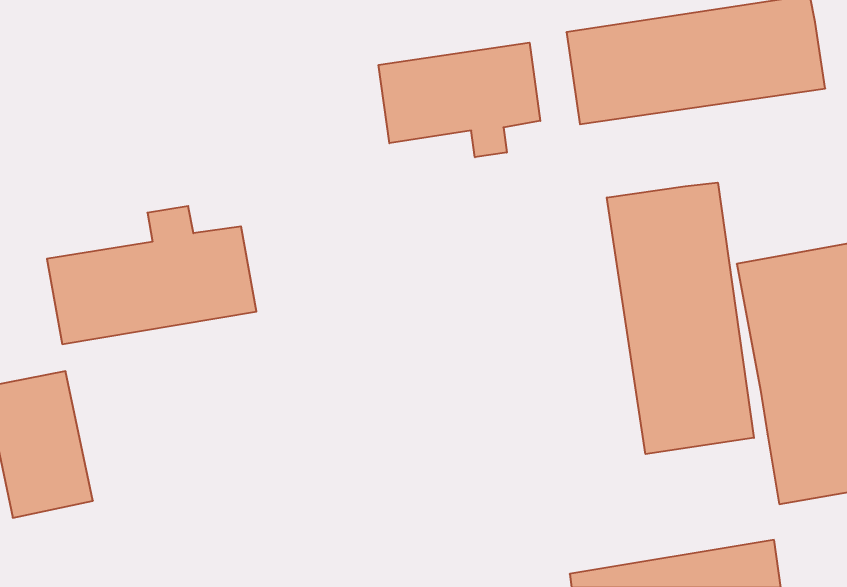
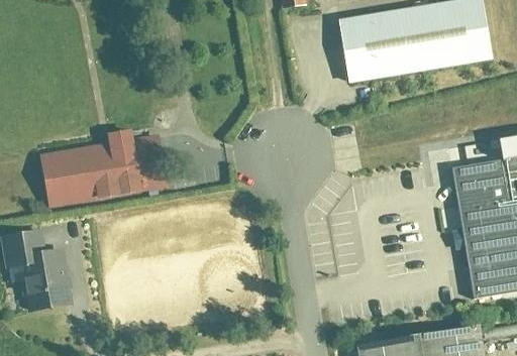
building: [379,43,540,157] -> none
building: [607,183,754,454] -> none

